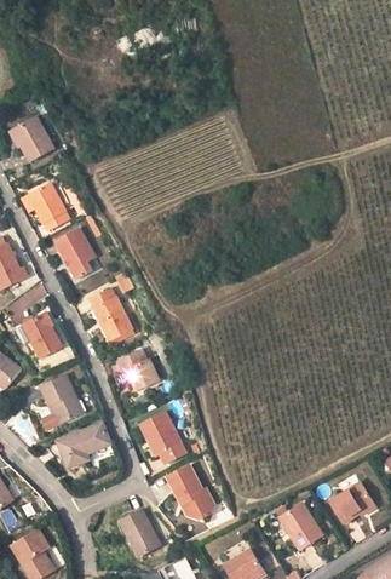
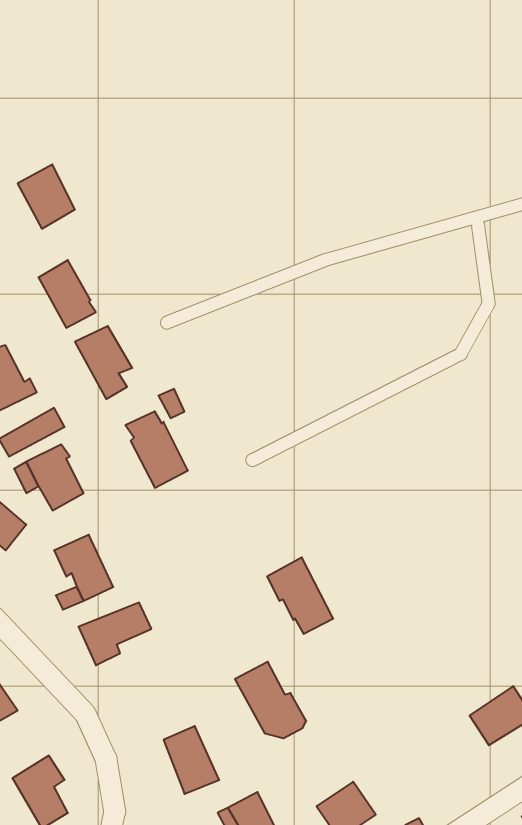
building: [116,348,157,388] -> none
building: [138,408,184,462] -> [267,557,333,634]
building: [277,500,320,546] -> none

